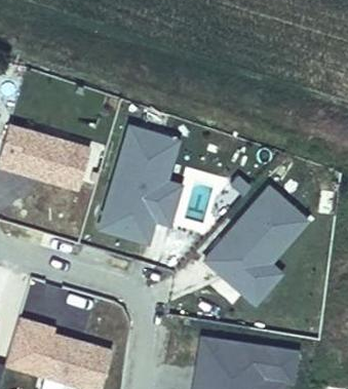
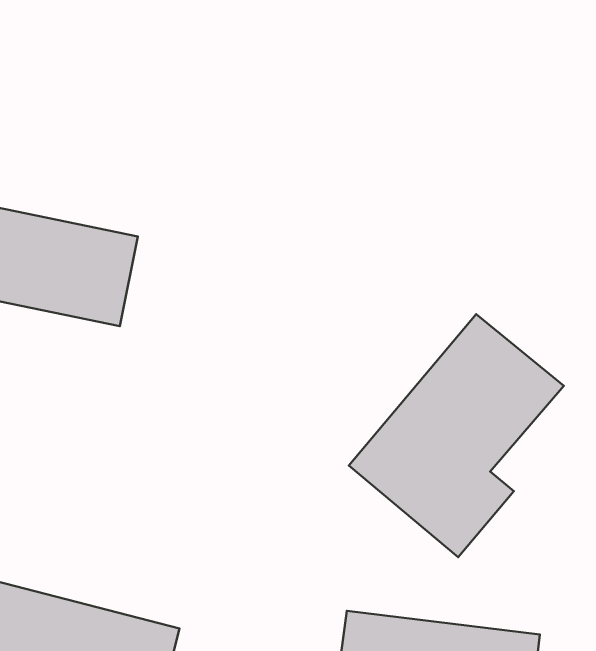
building: [95,123,183,245] -> none

